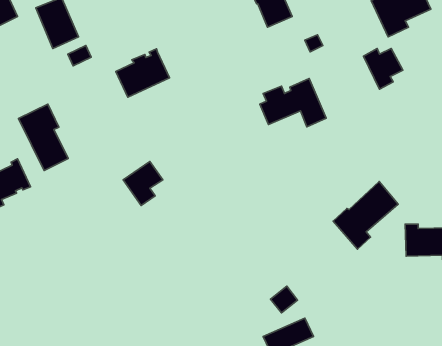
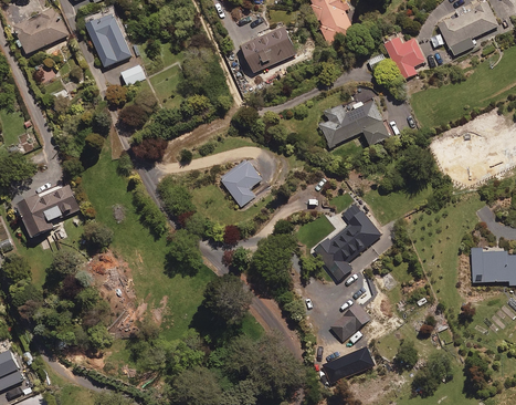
building: [363,49,403,89] -> [383,38,424,80]
building: [116,49,169,97] -> [240,23,295,73]
building: [18,104,68,170] -> none
building: [123,162,163,205] -> [221,159,262,205]
building: [333,182,398,249] -> [314,210,381,280]

